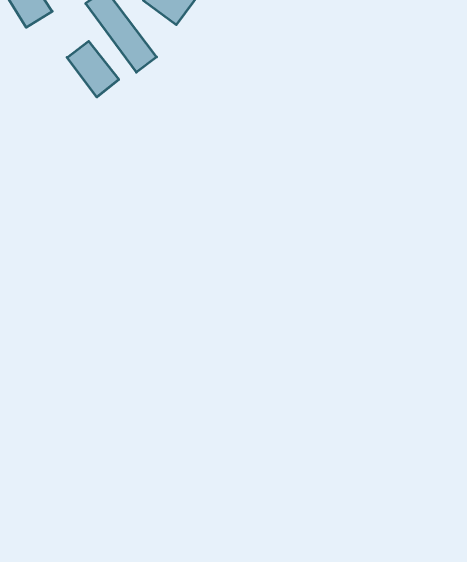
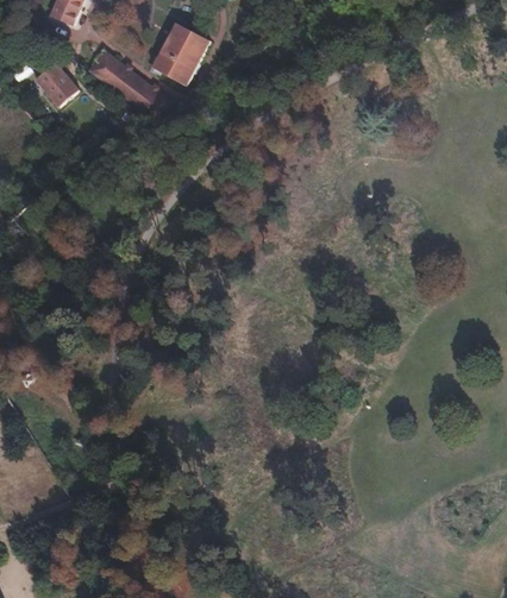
building: [67,41,119,97] -> none

